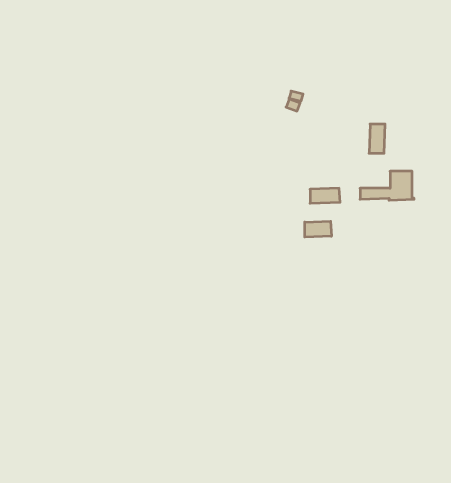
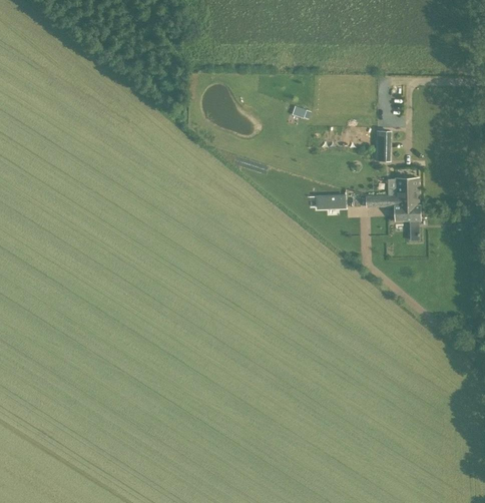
building: none -> [395,205,420,224]
building: [305,221,331,237] -> none

